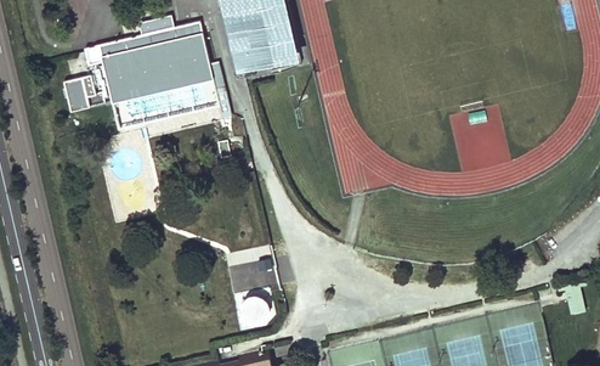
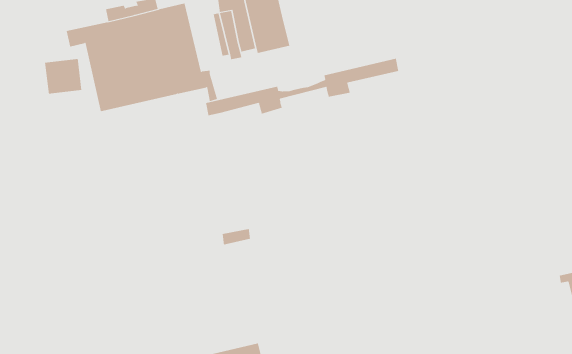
building: none -> [205,58,399,116]

